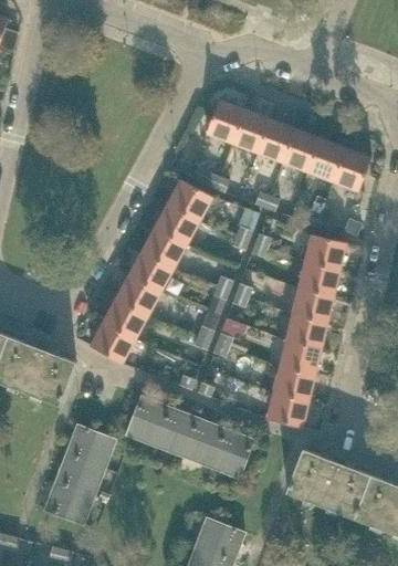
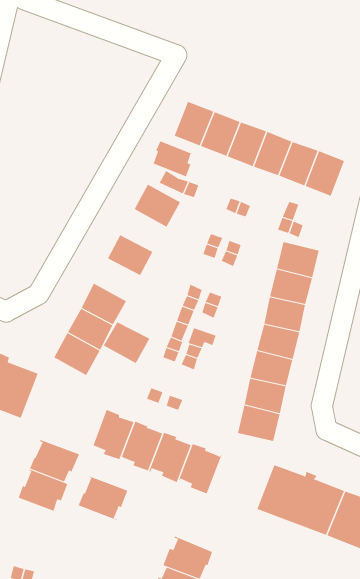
building: none -> [151,141,195,177]
building: [154,203,199,244] -> none
building: [128,251,174,292] -> [103,321,150,364]
building: [44,481,93,524] -> [78,476,128,521]

